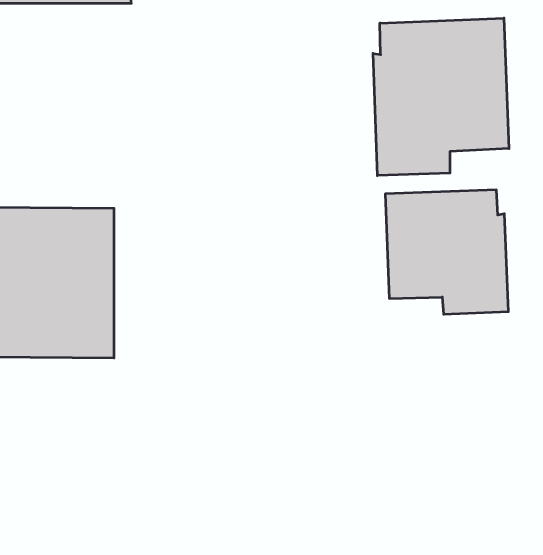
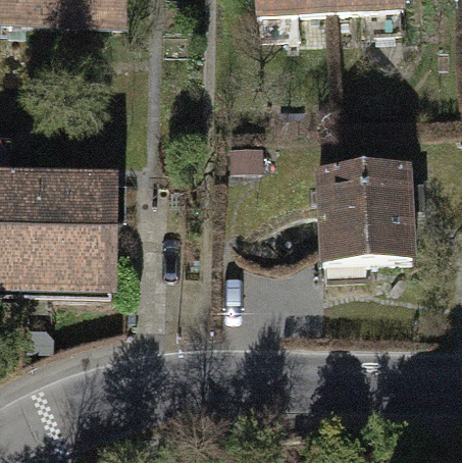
building: [373,18,509,176] -> none

